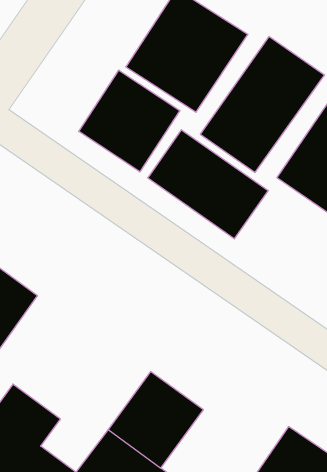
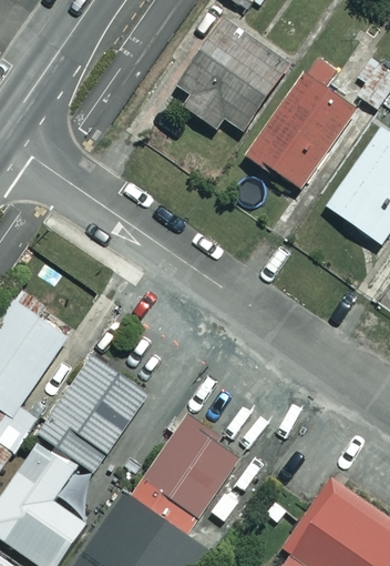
building: [79,70,180,172] -> none
building: [148,130,268,239] -> none
building: none -> [39,353,147,469]

